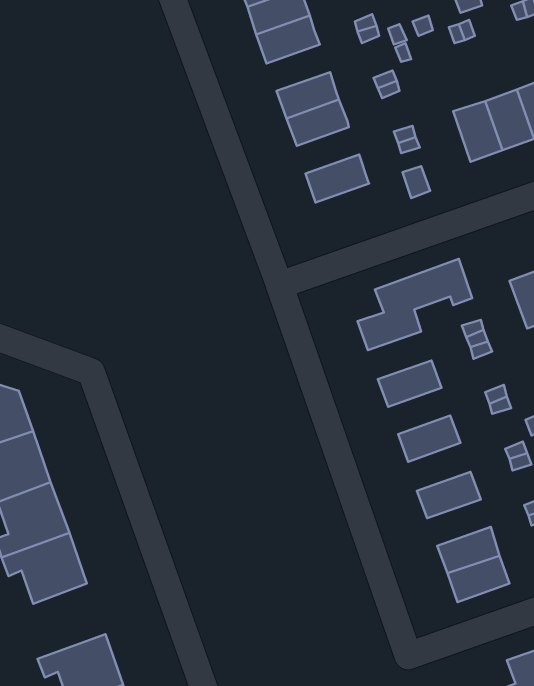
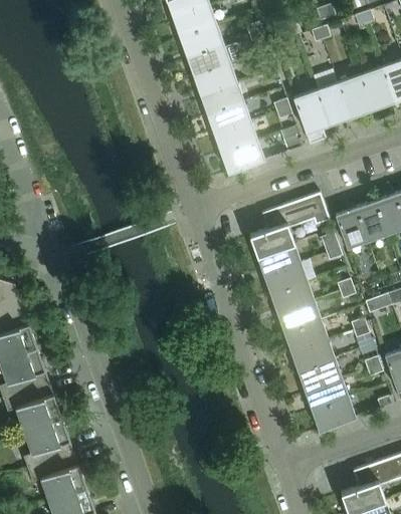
building: none -> [186,44,230,76]
building: none -> [293,90,328,145]
building: none -> [207,101,250,134]
building: none -> [220,141,264,174]
building: none -> [335,208,367,248]
building: none -> [256,243,300,276]
building: none -> [270,282,314,314]
building: none -> [284,320,328,353]
building: none -> [297,359,342,392]
building: none -> [23,418,74,470]

